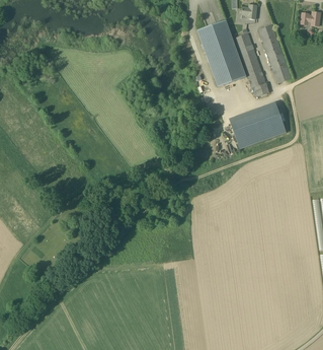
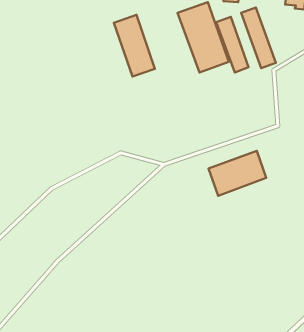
building: none -> [114,15,155,76]
building: [230,106,286,149] -> [209,151,266,196]

